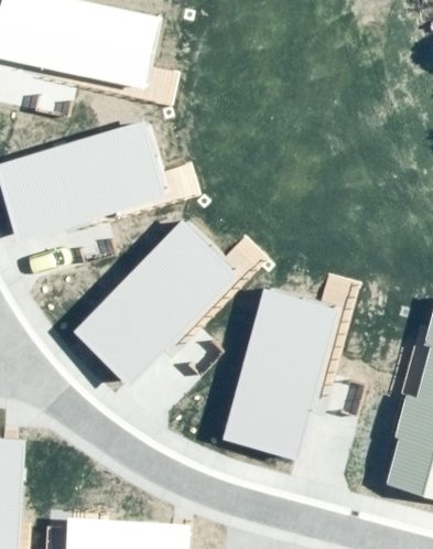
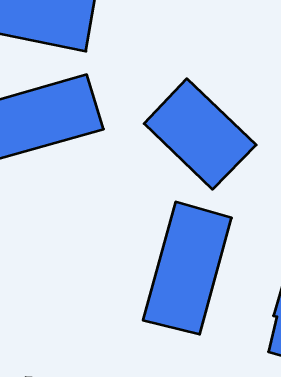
building: none -> [144,79,256,189]
building: [74,216,238,387] -> none

